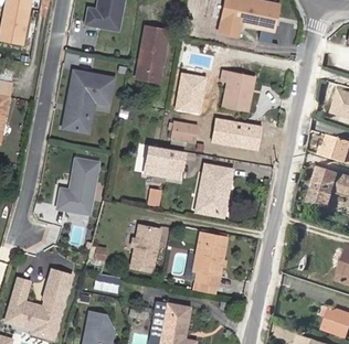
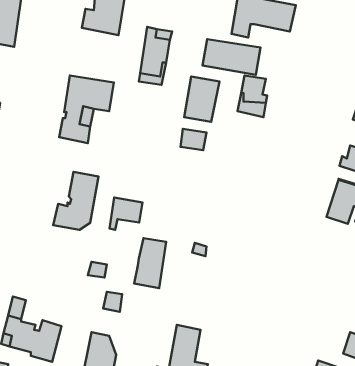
building: [210,118,264,151] -> [202,39,261,75]
building: [154,146,184,175] -> [109,198,143,230]
building: [197,166,230,214] -> none
building: [195,232,226,281] -> none
building: [41,267,70,303] -> none

